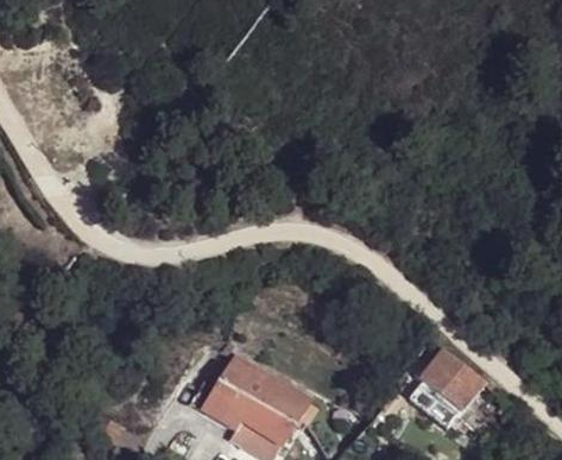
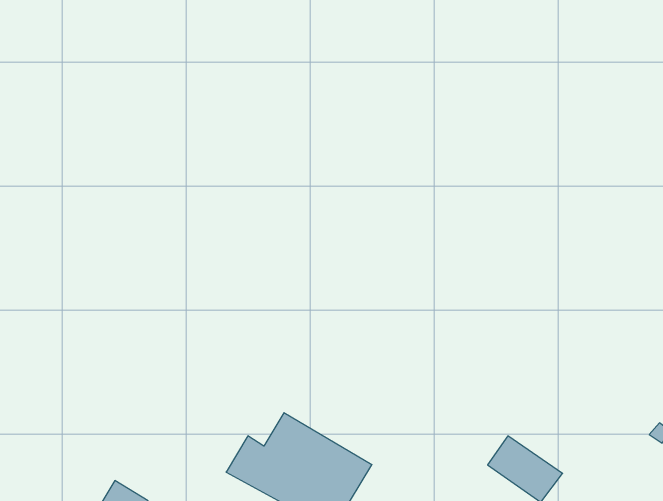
building: [422,351,484,407] -> none

